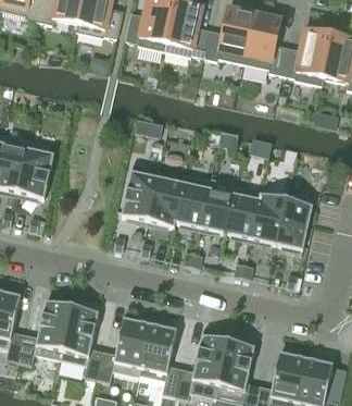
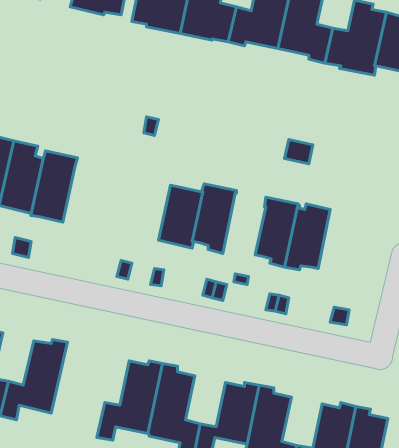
building: [121,162,159,220] -> [31,151,78,222]
building: [199,187,234,233] -> none
building: [276,195,312,253] -> none
building: [60,303,103,380] -> none

